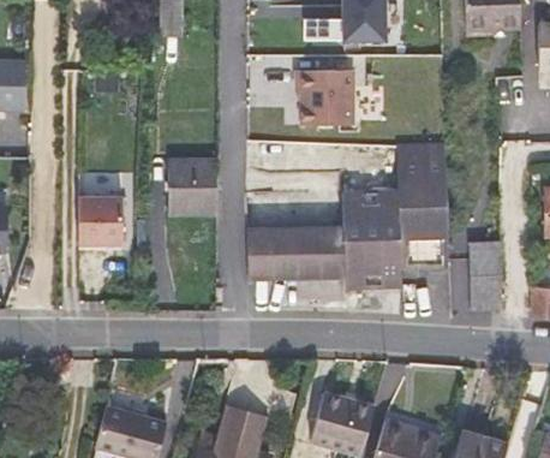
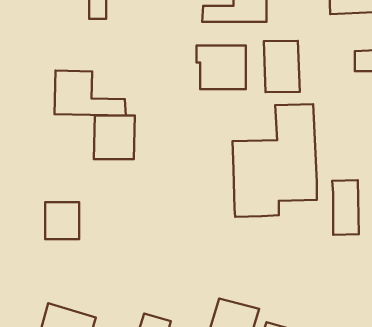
building: none -> [264,41,300,92]
building: none -> [55,71,126,116]
building: [79,196,122,243] -> [45,202,79,239]
building: [246,227,343,278] -> none

